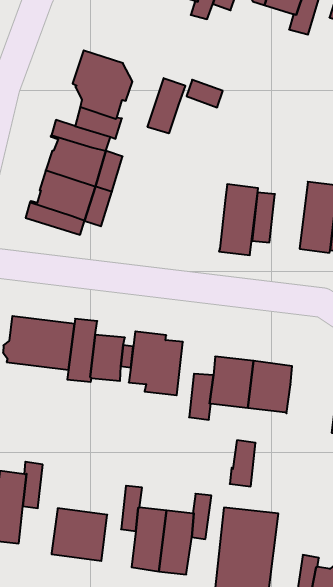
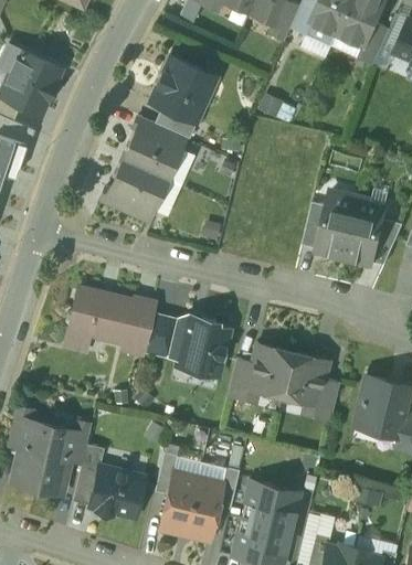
building: [148,78,185,133] -> none
building: [219,184,258,255] -> [316,190,358,256]
building: [230,440,256,486] -> [310,377,338,420]
building: none -> [72,462,98,504]

